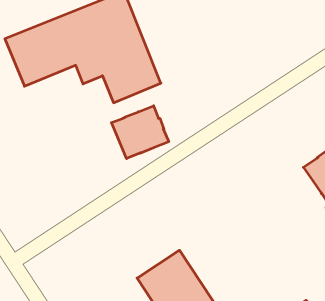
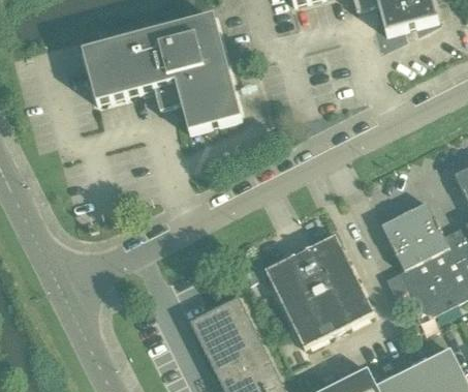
building: [111,106,169,159] -> none
building: none -> [264,234,373,346]

